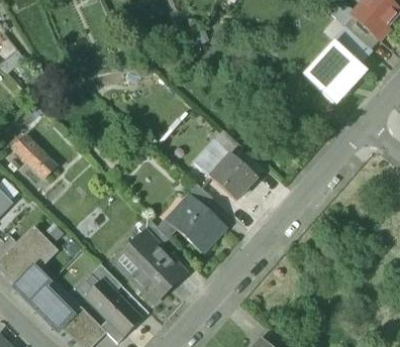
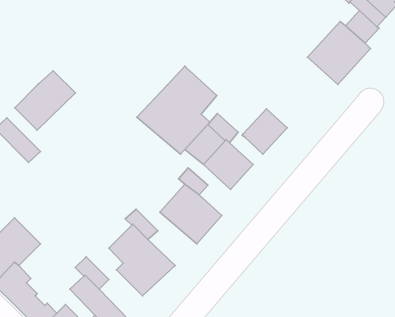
building: none -> [137,66,217,154]
building: none -> [15,71,75,130]
building: none -> [242,109,287,154]

